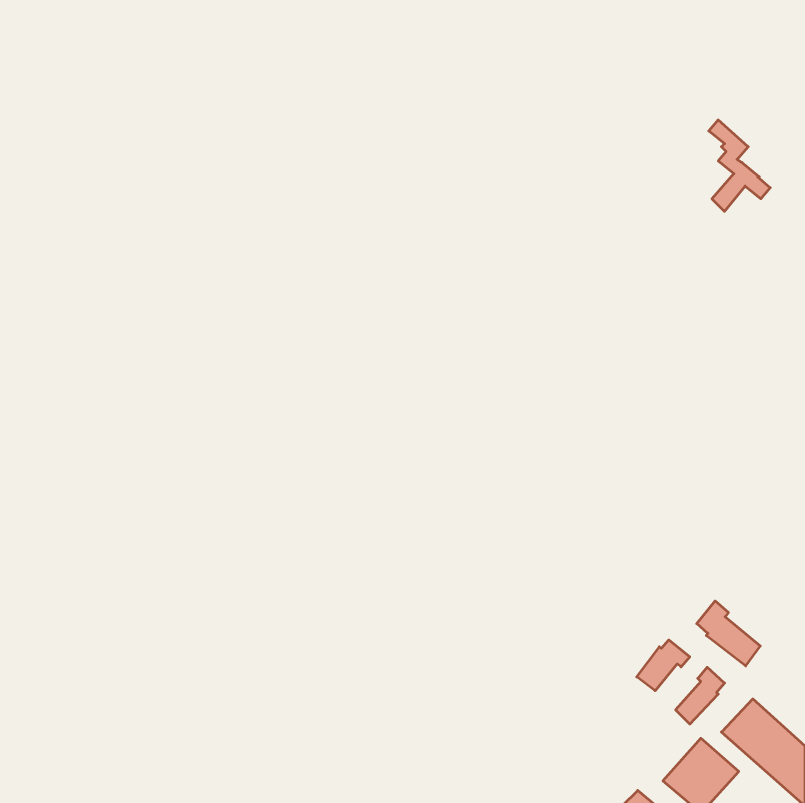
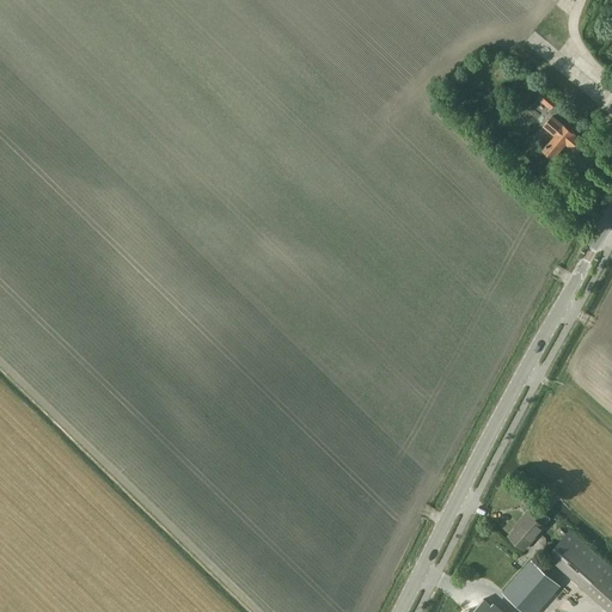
building: [697,601,760,666] -> none
building: [637,640,690,691] -> none

